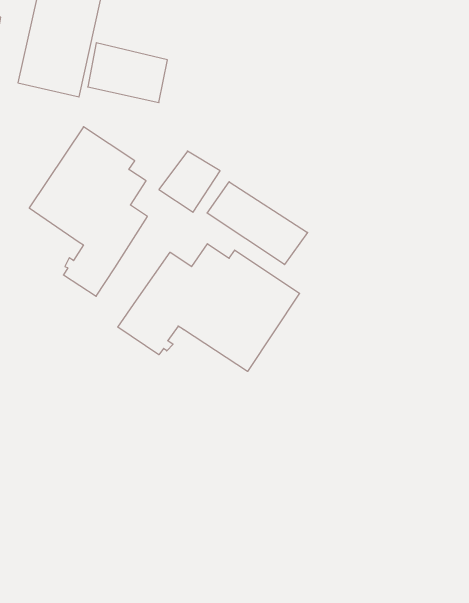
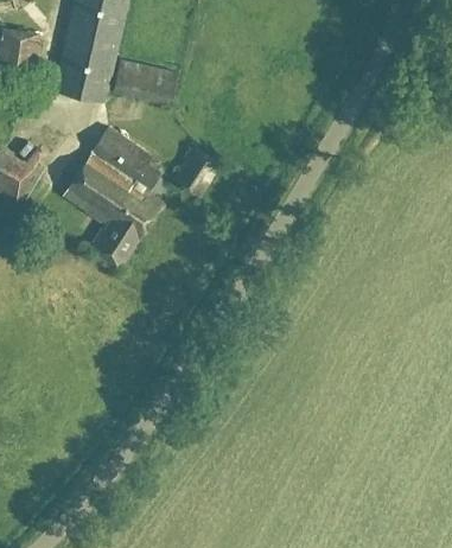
building: [207,182,308,265] -> none
building: [118,244,300,371] -> none

